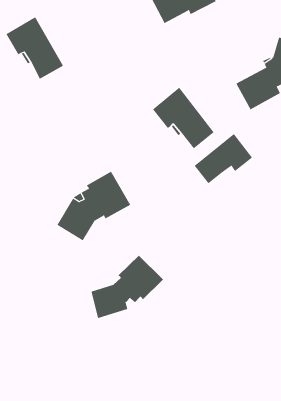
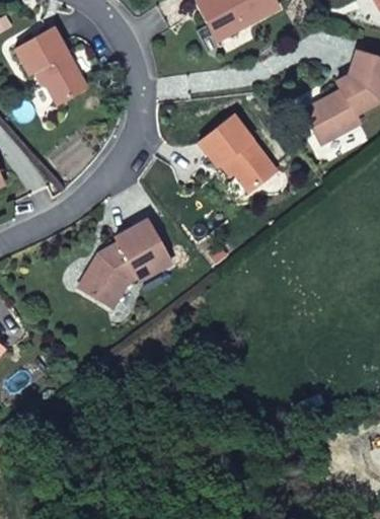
building: [194,133,253,184] -> none
building: [91,255,164,319] -> none

